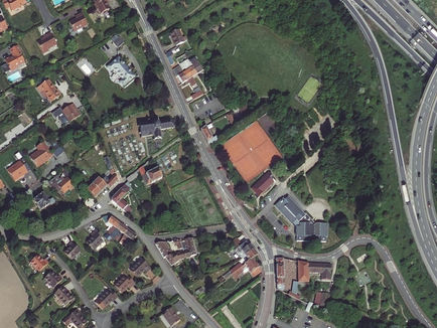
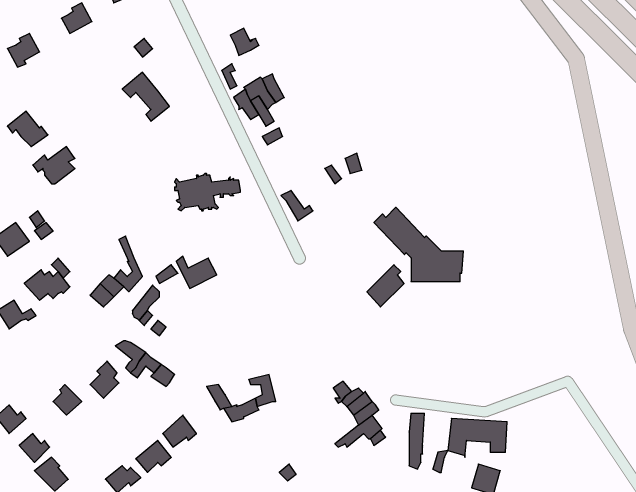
building: [276,195,329,239] -> [374,207,463,282]

